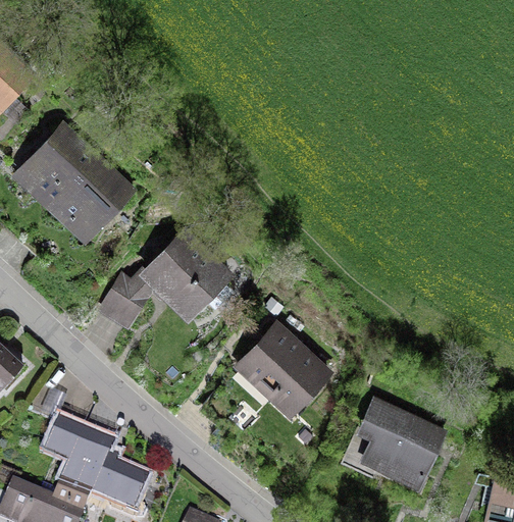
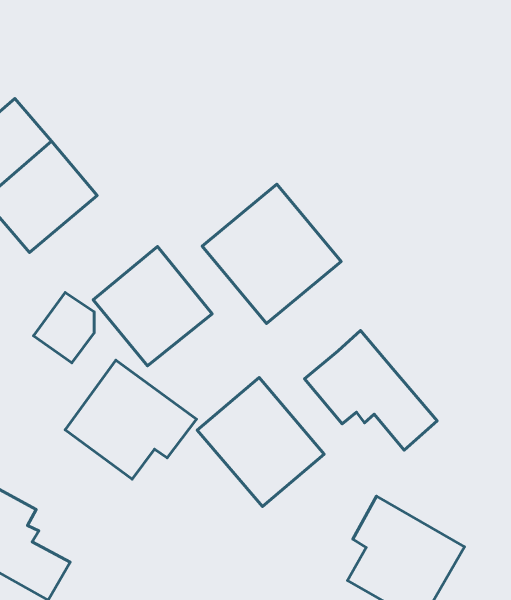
building: none -> [202,184,341,324]
building: none -> [305,331,437,450]
building: none -> [65,360,196,479]

